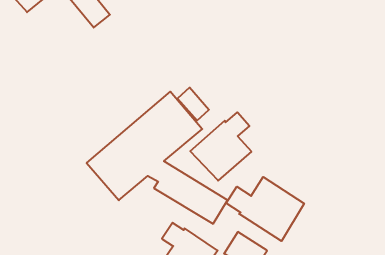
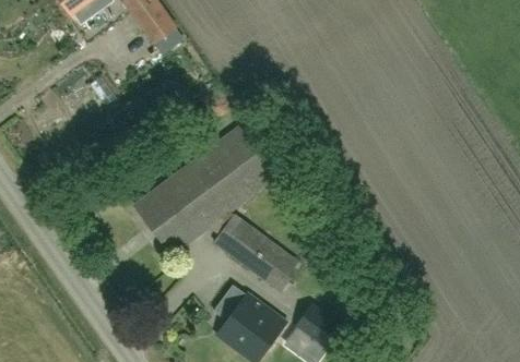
building: [190,112,251,181] -> none
building: [226,177,304,241] -> none

